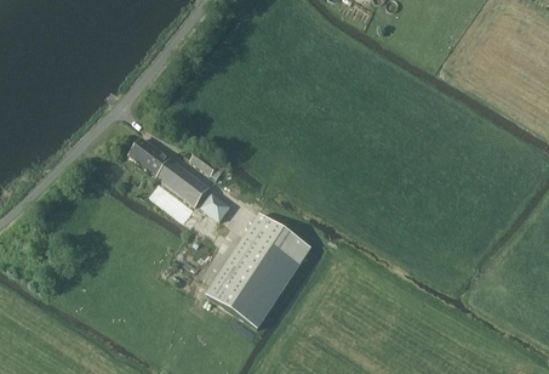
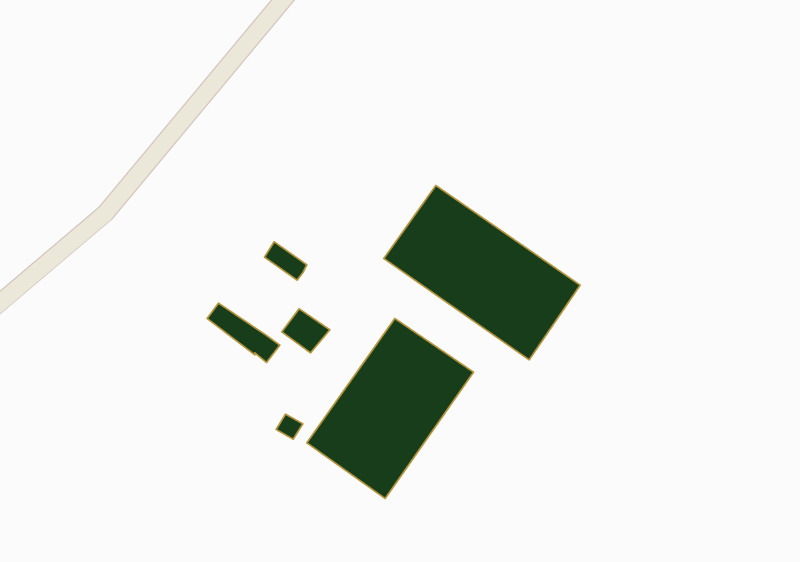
building: none -> [384,186,580,360]
building: [127,141,208,210] -> none

